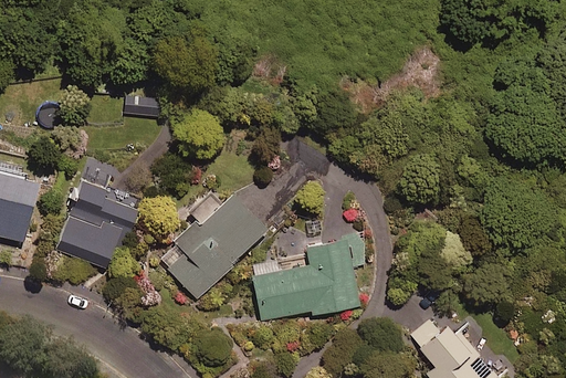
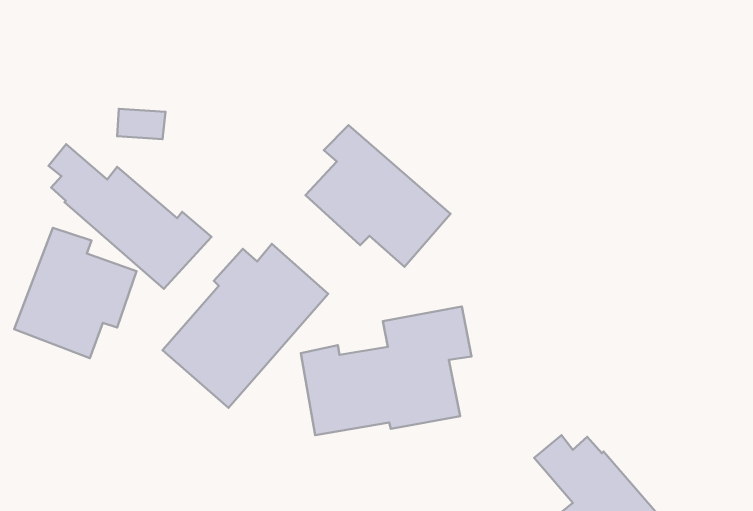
building: none -> [305,125,450,267]
building: none -> [48,144,211,289]

